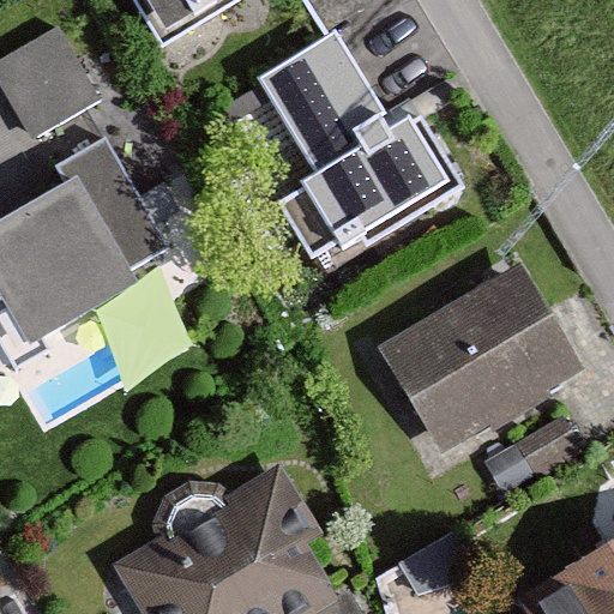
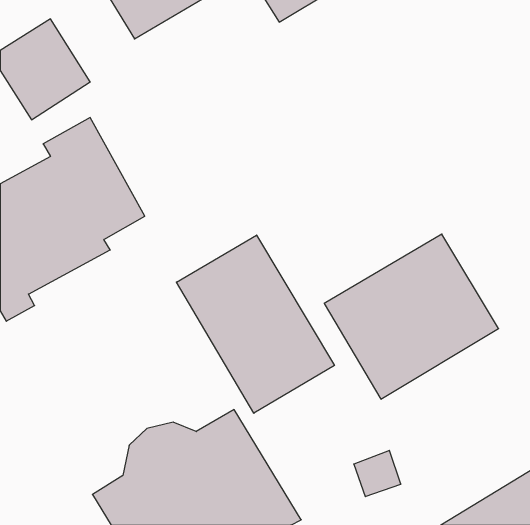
building: [255,38,455,263] -> none
building: none -> [176,235,334,413]

